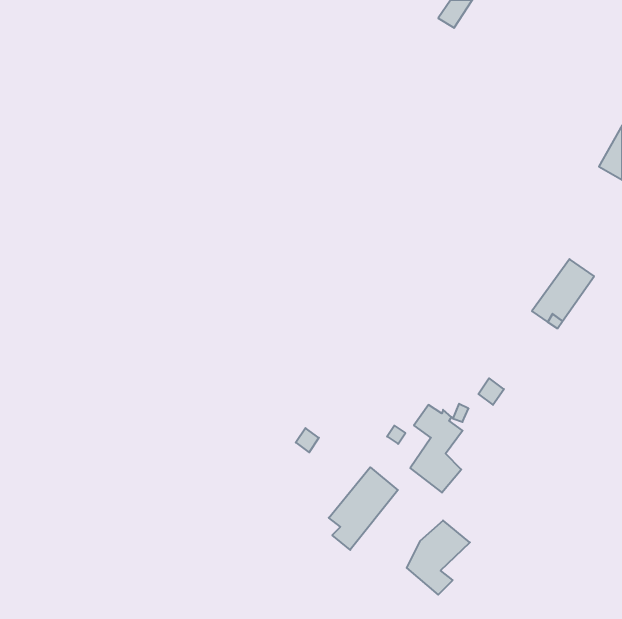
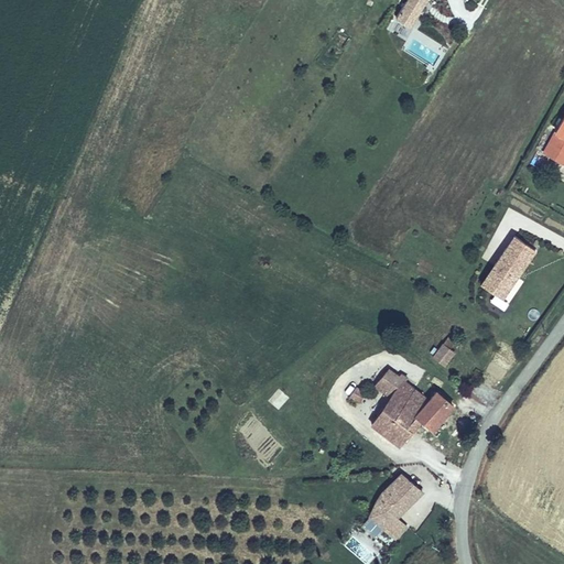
building: none -> [403,392,456,432]
building: [329,467,398,550] -> none

